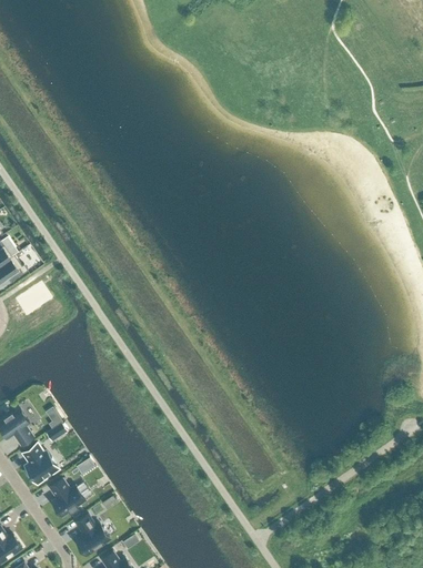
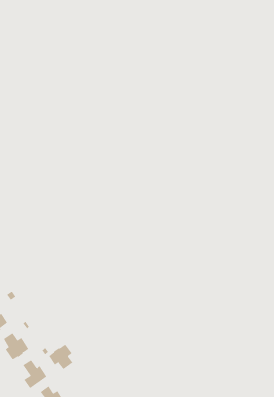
building: none -> [48,344,73,370]

